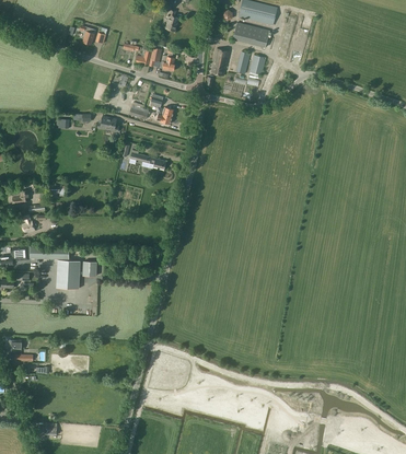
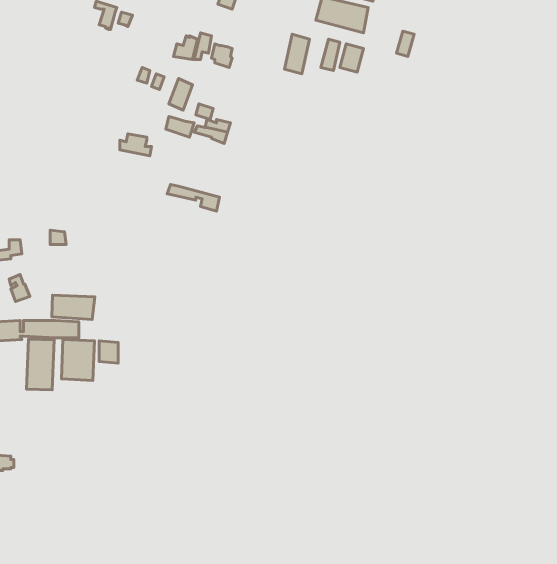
building: none -> [52,295,95,319]
building: none -> [26,339,54,390]

